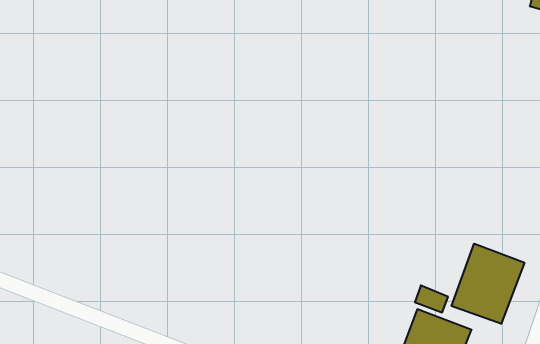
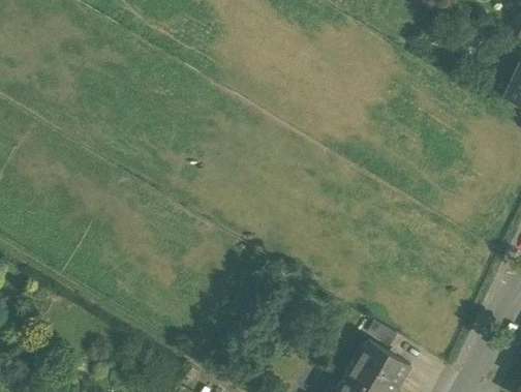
building: [452,244,524,324] -> none

